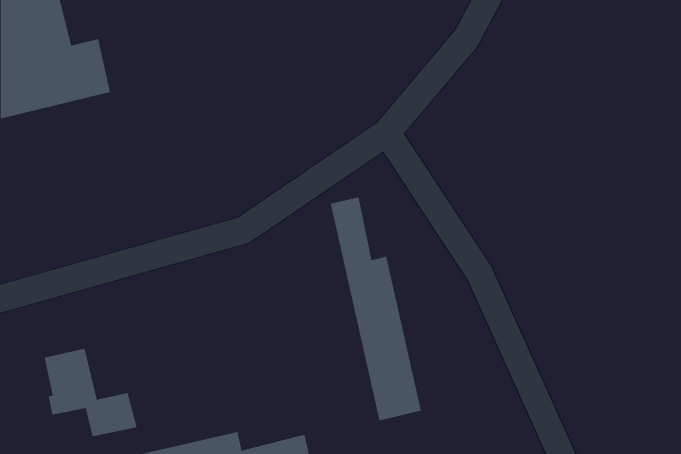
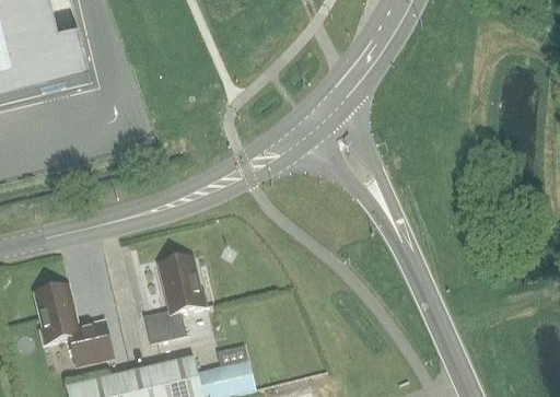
building: [330,196,422,421] -> none
building: none -> [144,259,209,343]

